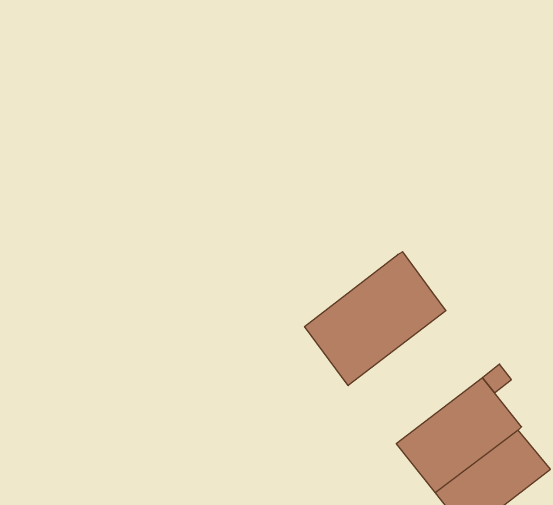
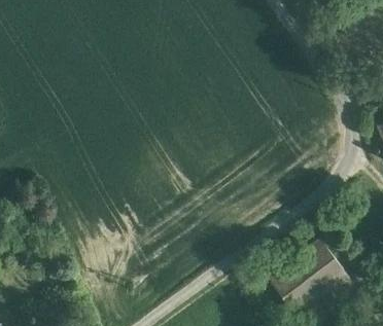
building: [305,252,446,386] -> none

